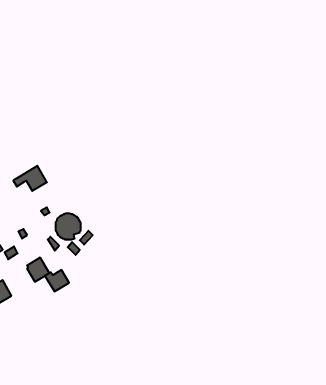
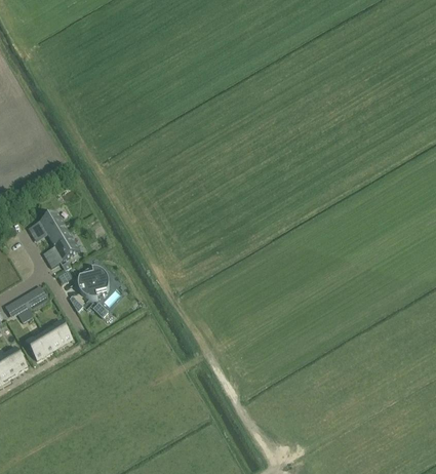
building: none -> [47,231,81,268]
building: [45,270,69,291] -> [26,333,54,359]

